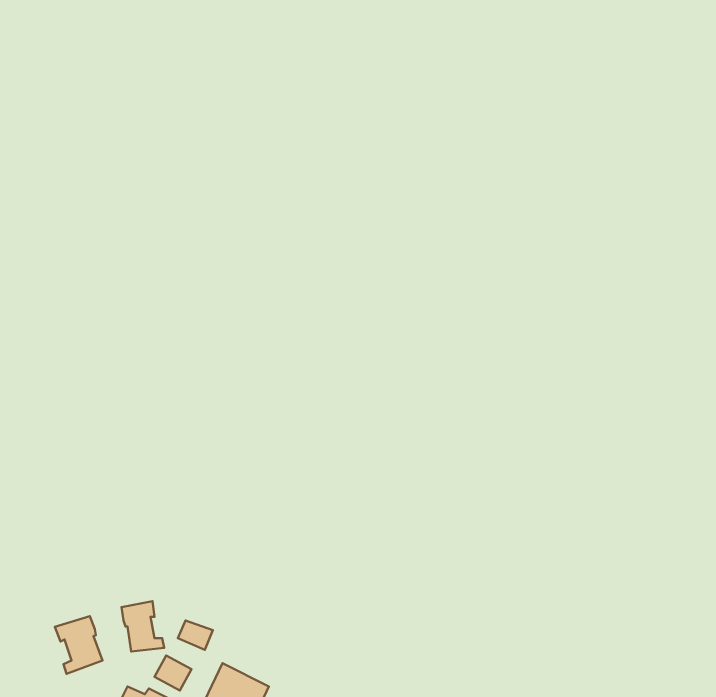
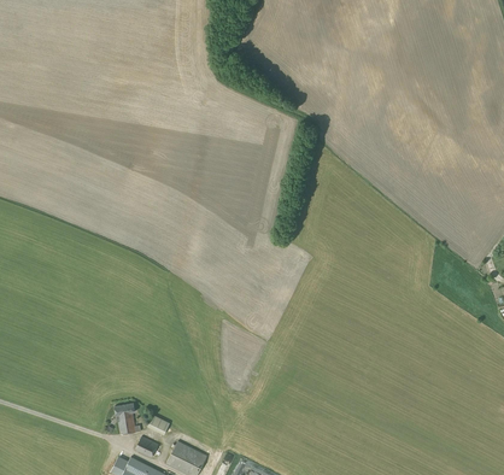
building: [55,616,103,674] -> none

